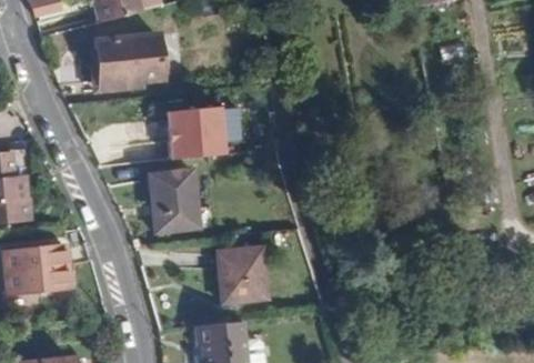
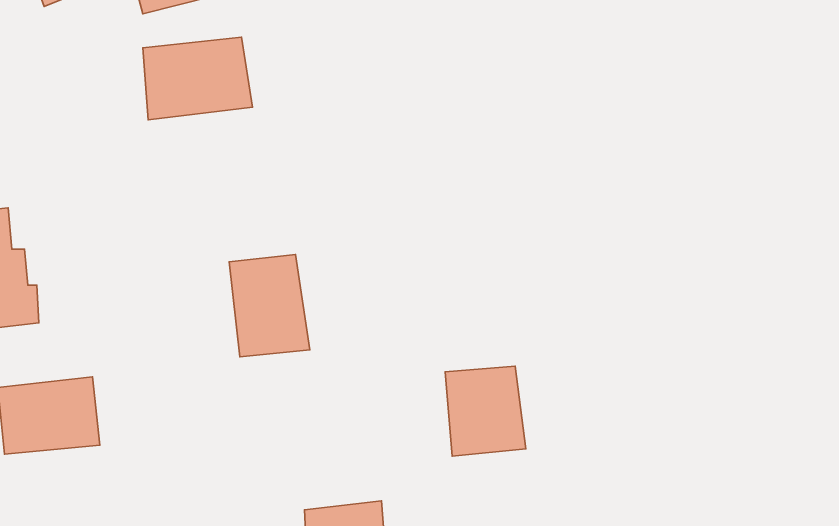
building: [164,108,222,159] -> none
building: [218,245,268,301] -> [445,366,526,456]

